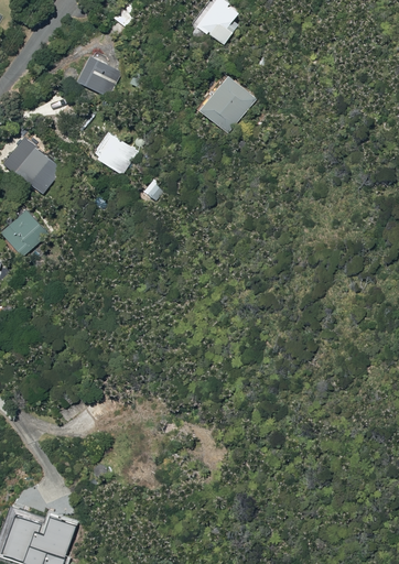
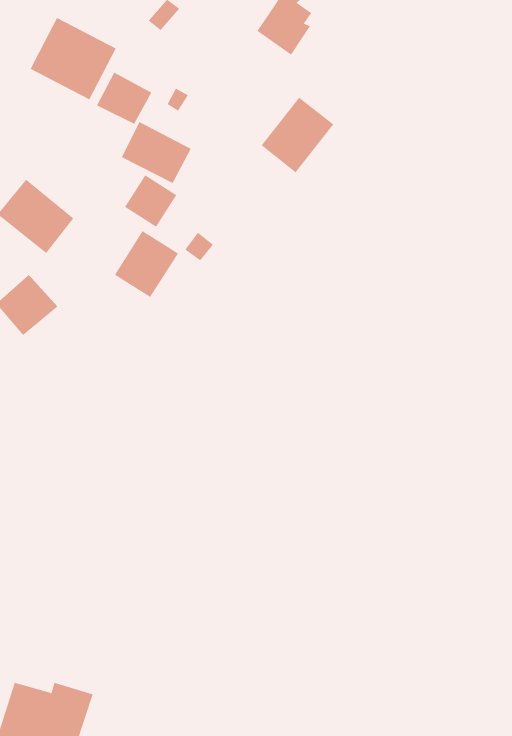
building: none -> [30,17,116,100]
building: none -> [121,121,191,184]
building: none -> [114,230,179,298]

